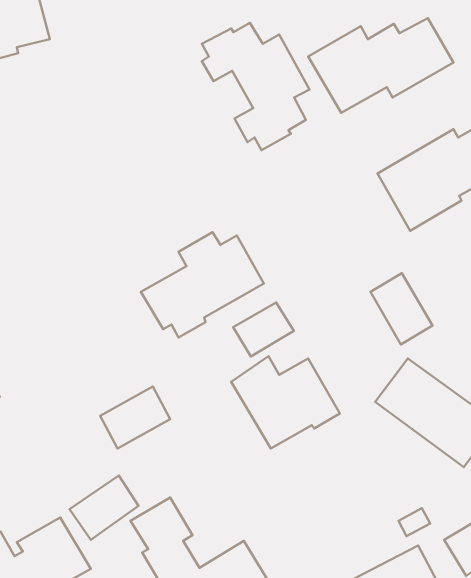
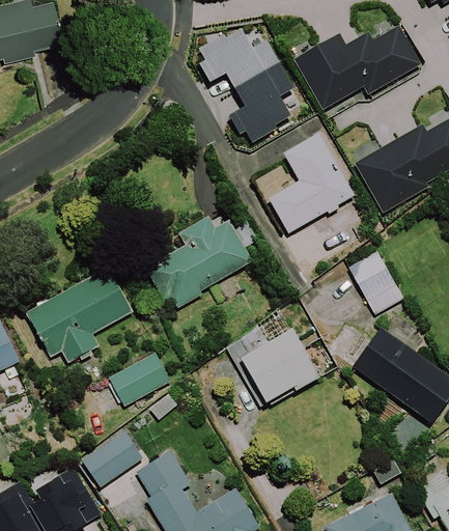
building: none -> [269,132,355,233]
building: none -> [26,266,134,362]
building: [233,302,294,357] -> none

